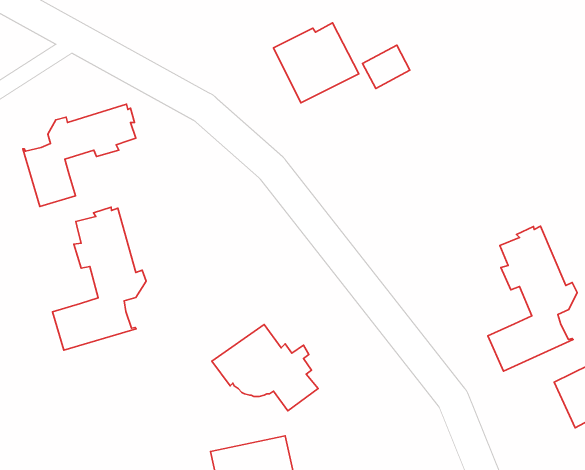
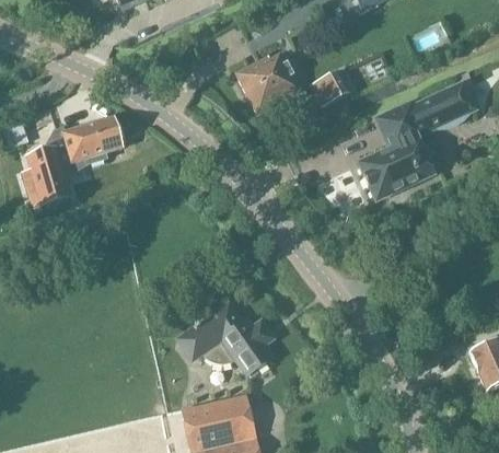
building: none -> [359,82,476,199]
building: [52,207,146,350] -> none
building: [488,226,577,371] -> none

